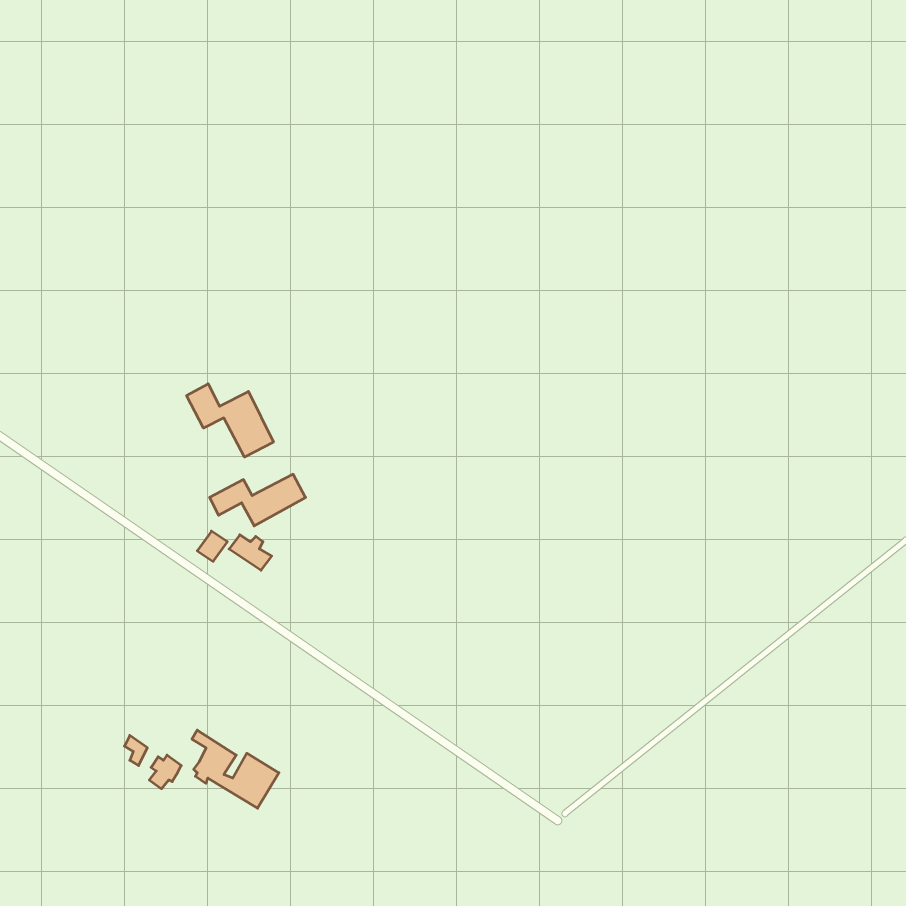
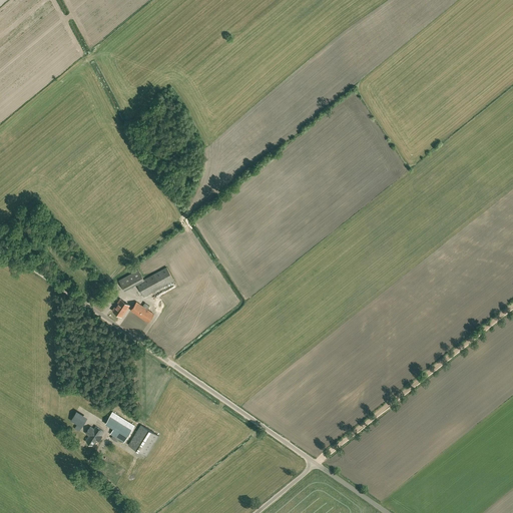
building: [187,384,273,457] -> none

